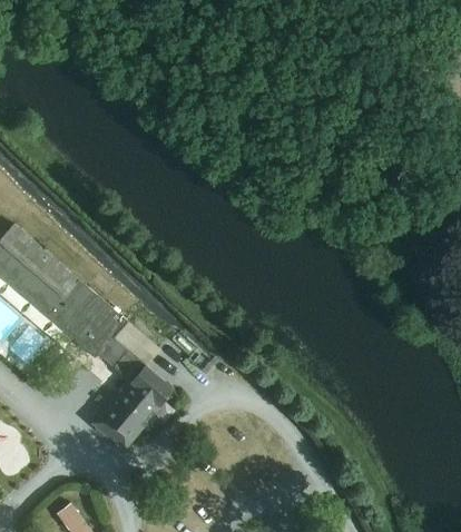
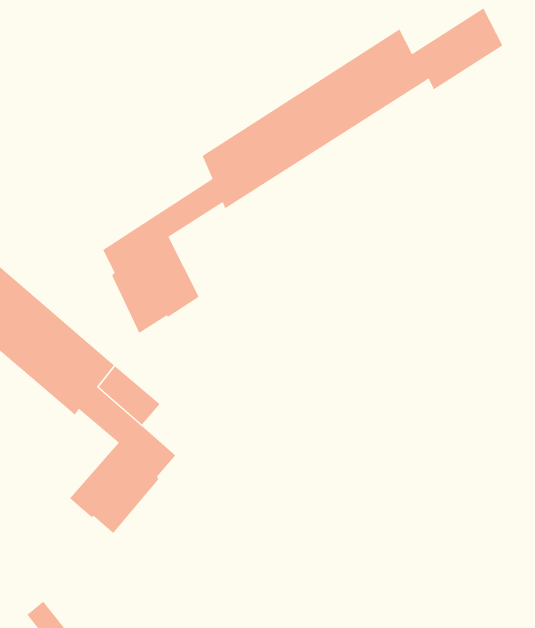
building: none -> [102,7,503,334]

